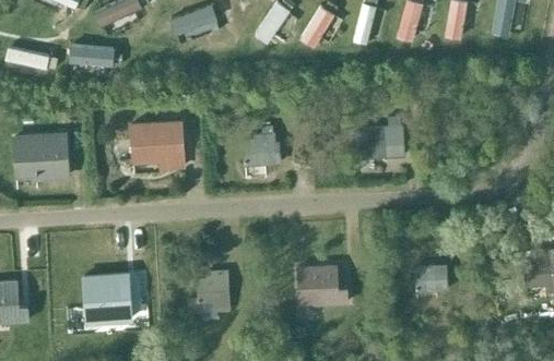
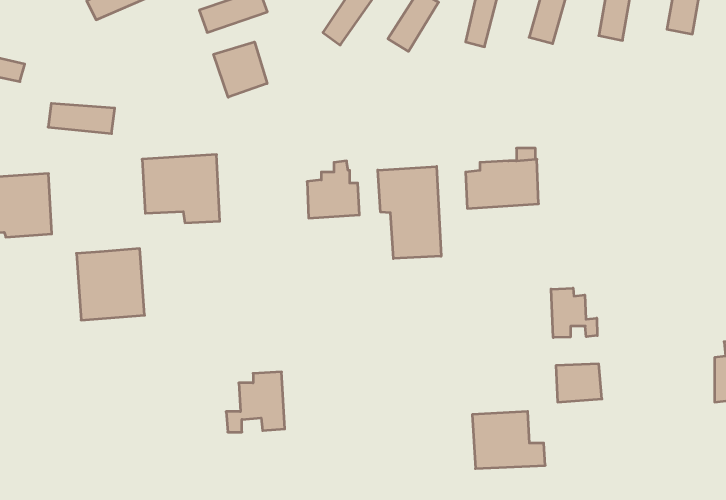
building: none -> [214,42,267,97]
building: [68,47,114,68] -> [48,103,115,134]
building: none -> [378,166,441,259]
building: none -> [551,288,597,338]
building: [297,264,347,303] -> [472,411,545,469]
building: [83,272,130,321] -> [76,249,145,320]

